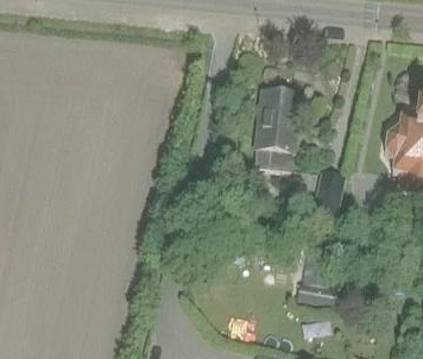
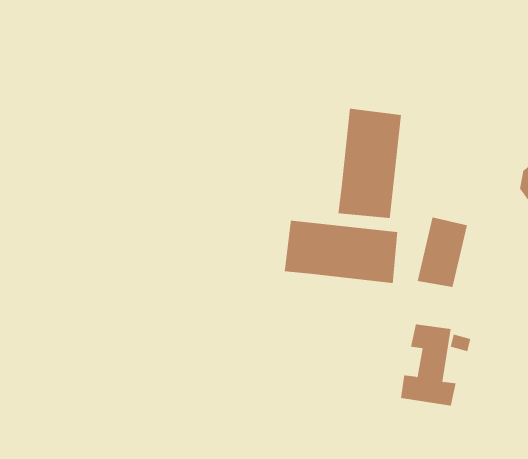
building: none -> [284,220,398,284]

